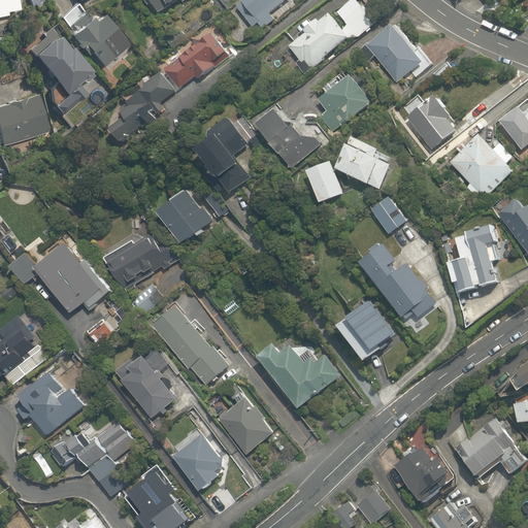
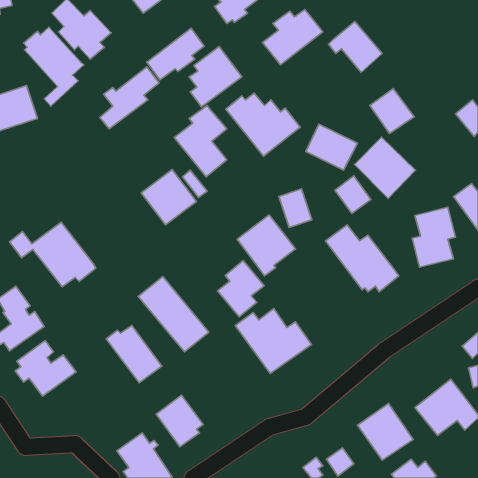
building: [315,66,372,132] -> [189,47,242,107]
building: [444,130,512,197] -> [354,137,416,198]
building: [304,160,340,202] -> [279,189,312,227]
building: [102,227,179,289] -> none
building: none -> [217,260,264,317]
building: [333,298,397,365] -> [237,215,295,276]
building: [220,399,271,453] -> none
building: [50,419,135,491] -> none

